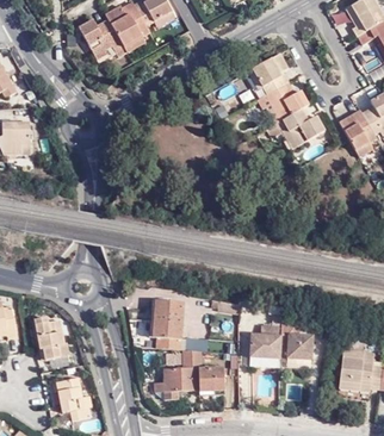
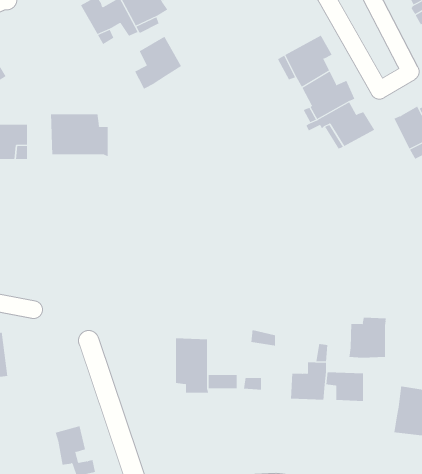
building: none -> [134,36,182,90]
building: none -> [50,113,108,157]
building: none -> [349,317,386,359]
building: [33,320,69,362] -> none
building: [157,353,223,399] -> none

